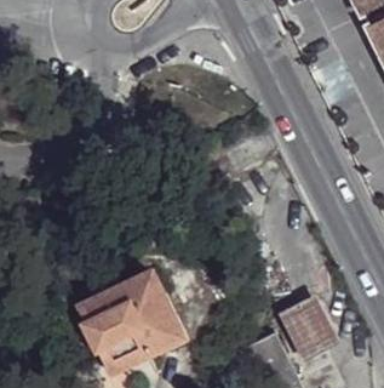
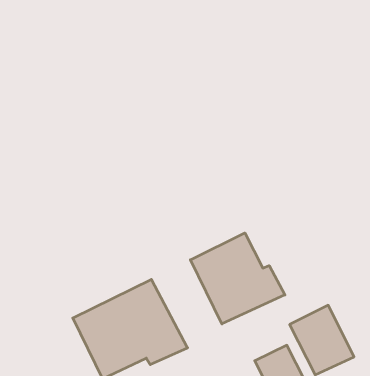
building: none -> [190,233,285,324]

